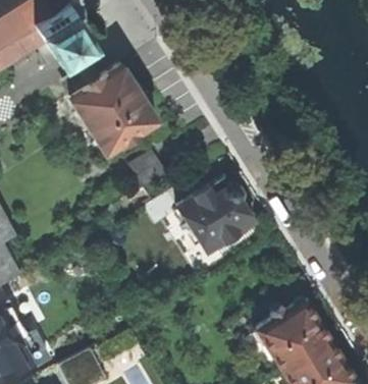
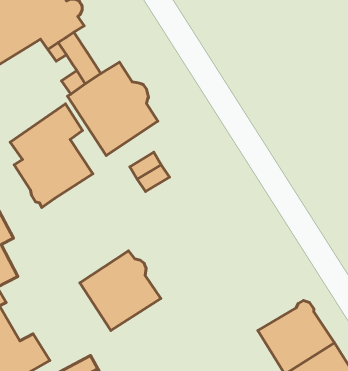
building: none -> [10,104,93,207]
building: [177,175,257,254] -> [80,251,161,331]

